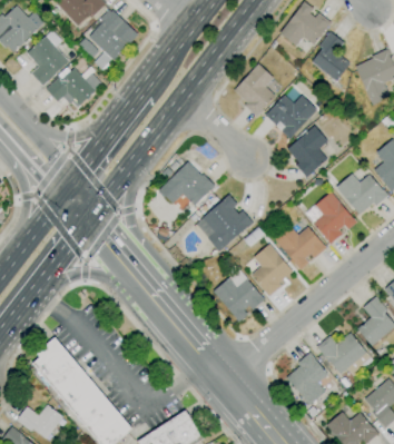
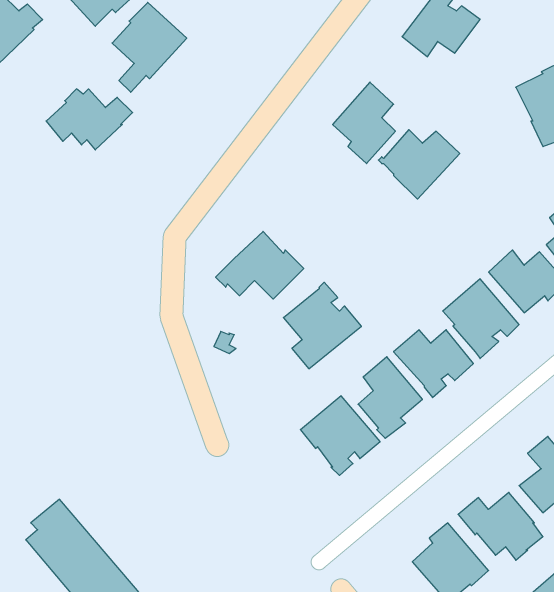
building: [27,31,69,87] -> none
building: [312,32,351,81] -> none
building: [287,126,327,178] -> none

